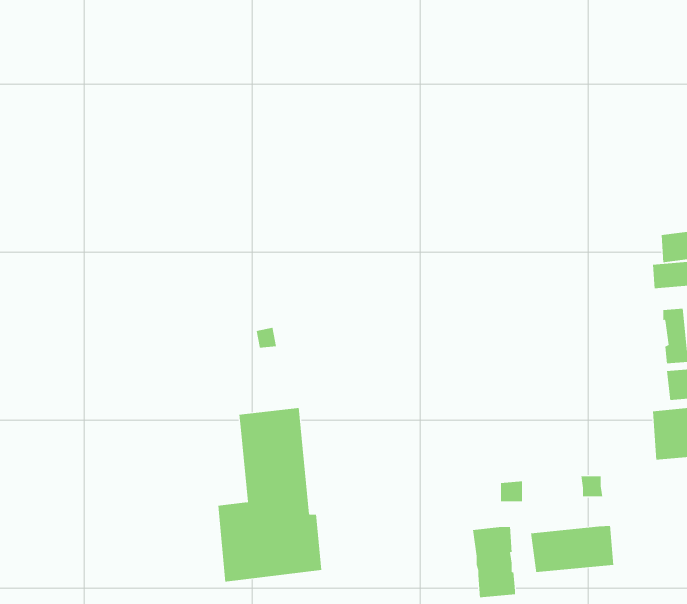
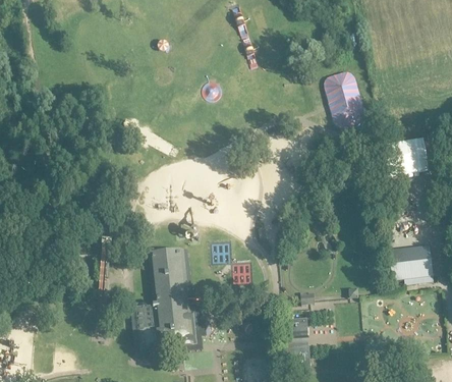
building: none -> [325,73,366,129]
building: [530,525,614,573] -> none

